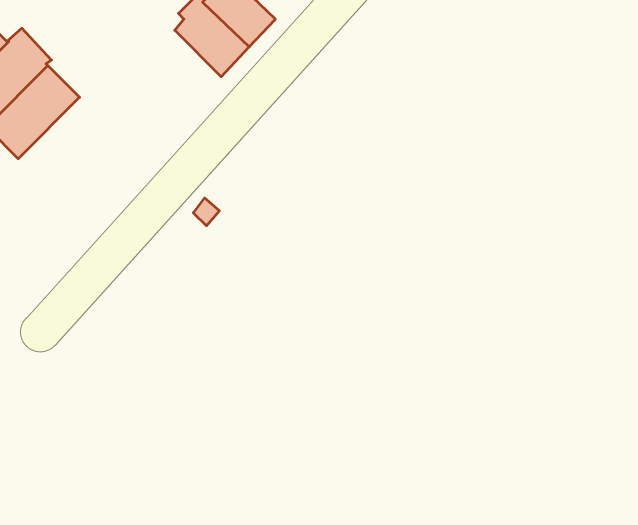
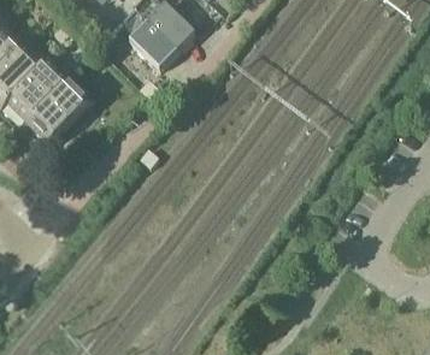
building: none -> [26,76,88,137]

